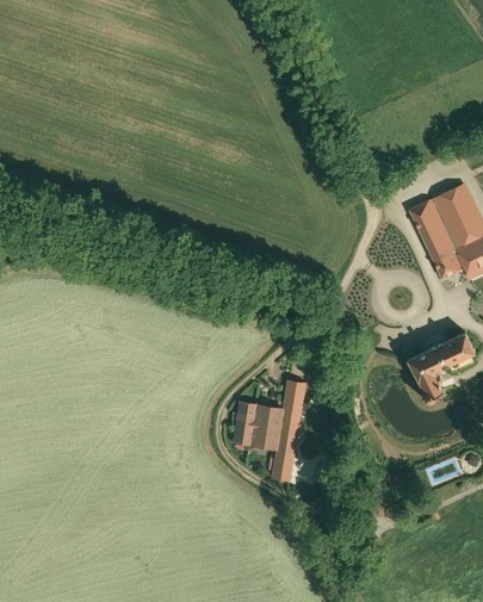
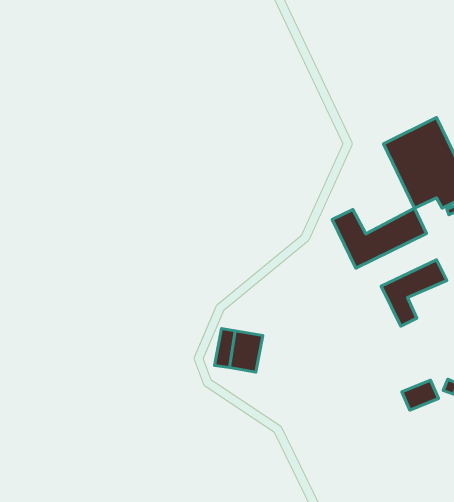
building: none -> [332,208,426,268]
building: [272,381,304,479] -> none

